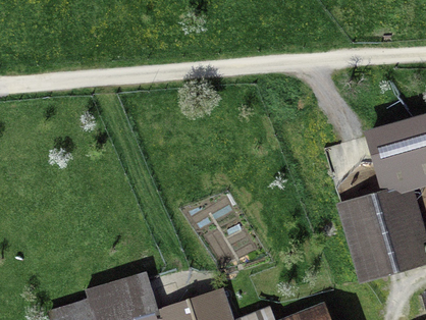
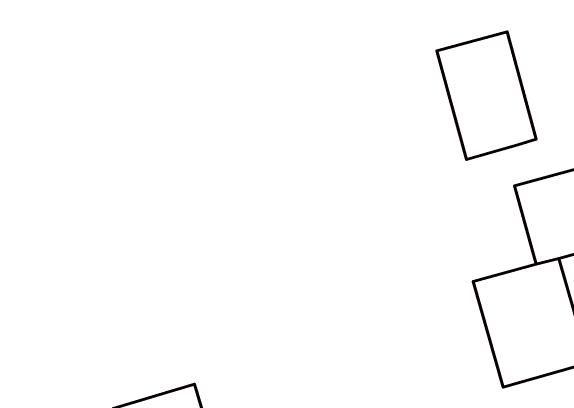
building: none -> [437,32,536,160]

